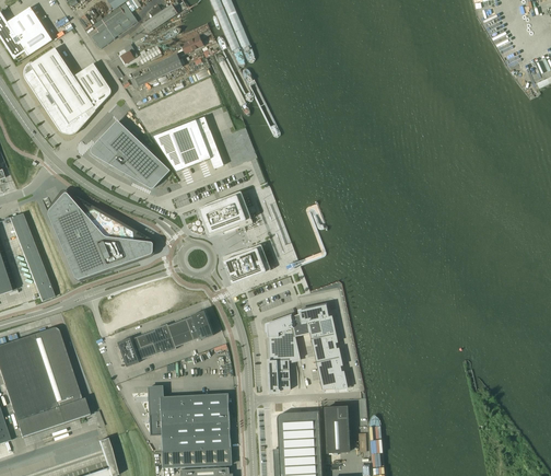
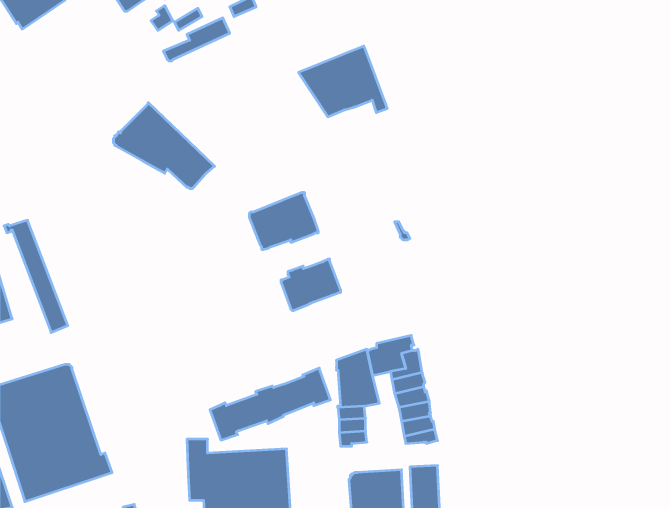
building: [25,48,110,133] -> none
building: [153,116,223,172] -> [299,46,387,117]
building: [48,193,153,279] -> none
building: [118,310,213,367] -> [210,368,330,440]

